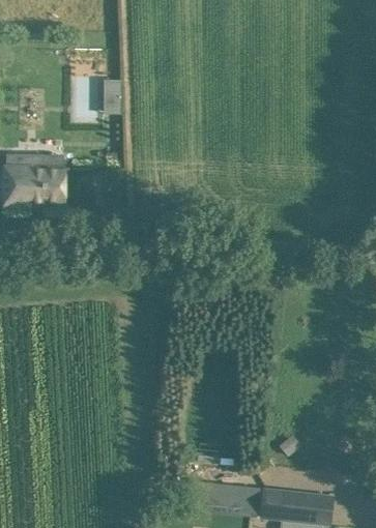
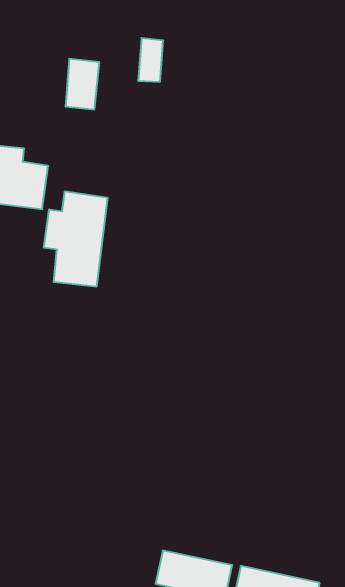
building: [102,77,121,113] -> [138,38,163,82]
building: none -> [44,191,107,287]

